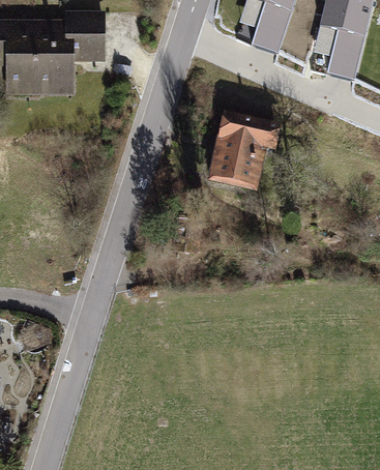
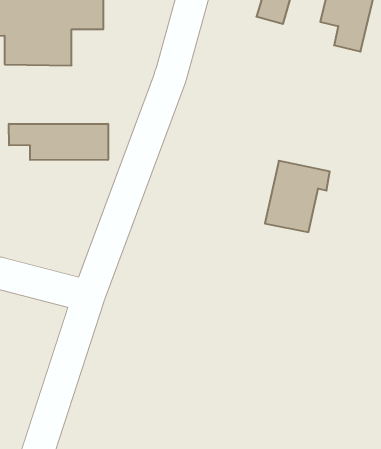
building: [214,116,277,185] -> [265,161,330,232]
building: none -> [9,124,108,160]

